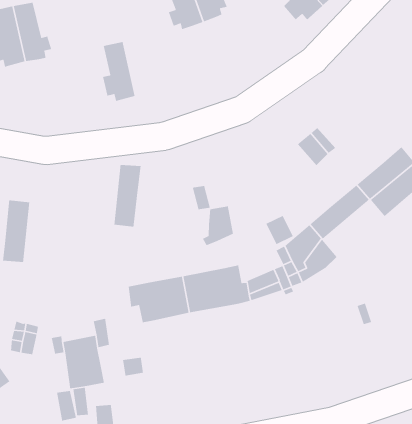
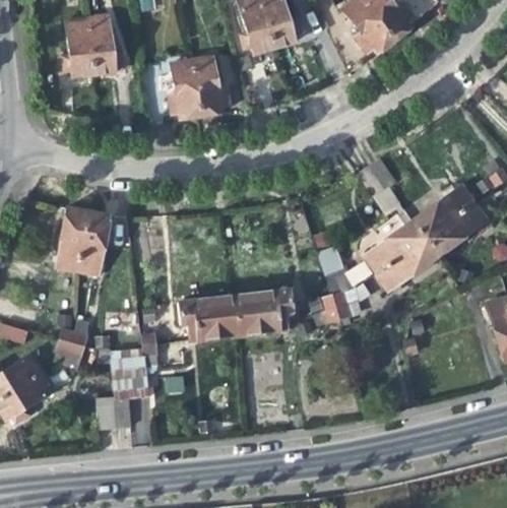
building: none -> [193,56,229,115]
building: [113,164,141,227] -> [77,211,110,275]
building: none -> [376,236,439,290]
building: [202,205,234,246] -> none

